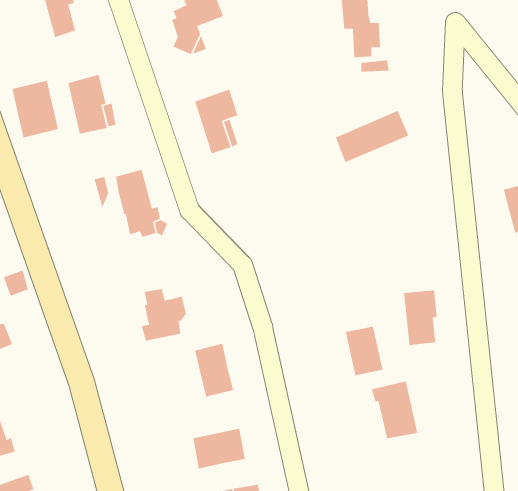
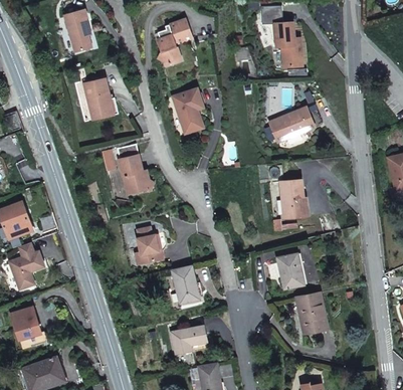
building: [12,80,59,138] -> none
building: [403,290,438,346] -> [279,179,304,218]

